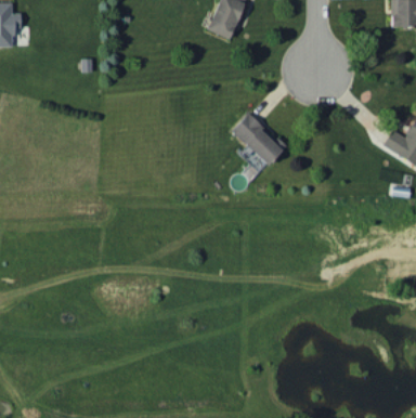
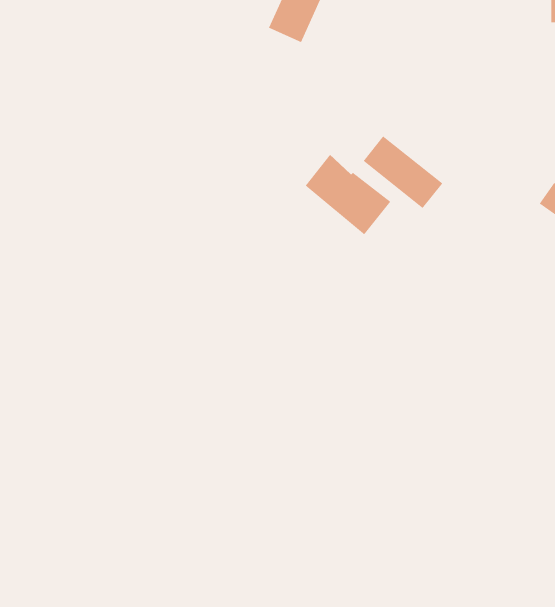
building: none -> [363,135,443,209]

